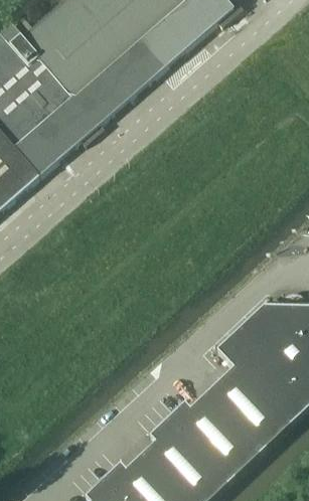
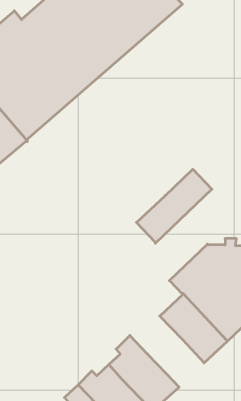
building: none -> [136,169,212,243]
building: [166,394,259,483] -> none

